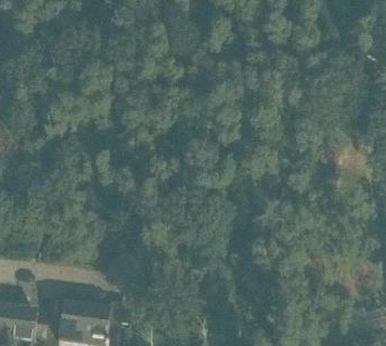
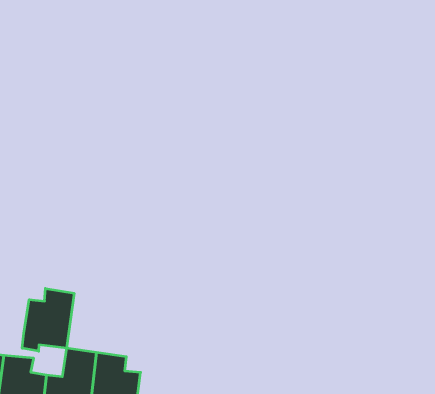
building: none -> [22,288,74,351]

